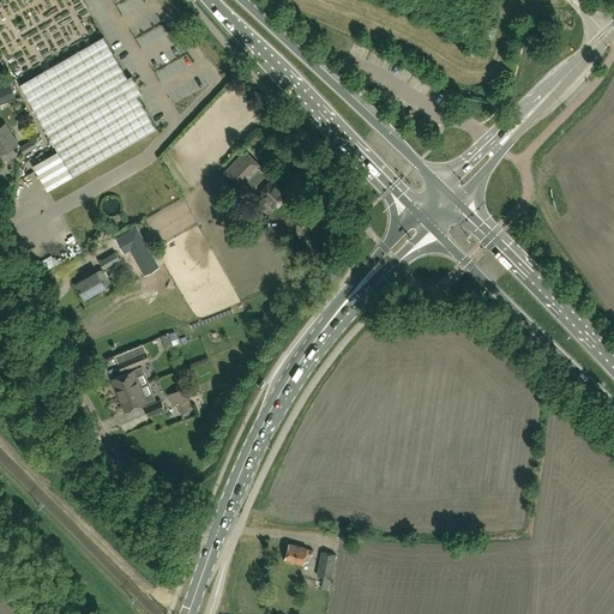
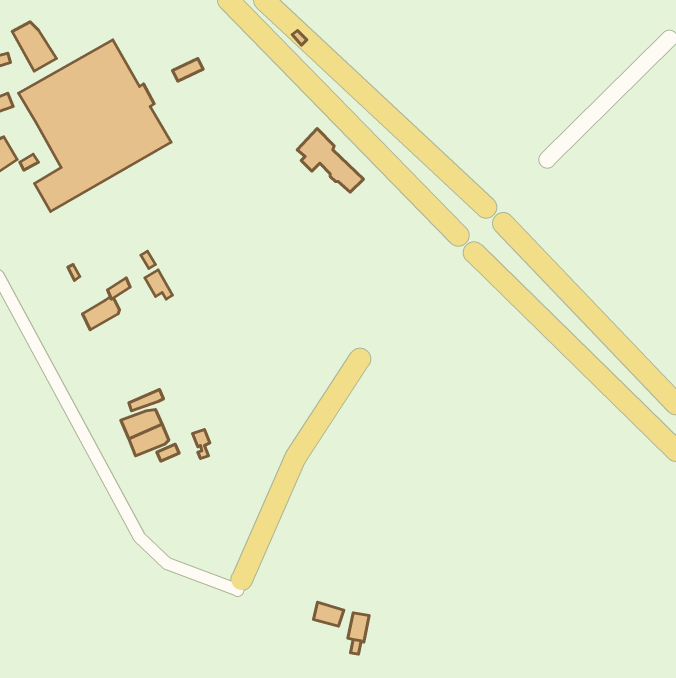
building: none -> [12,22,56,71]
building: [225,151,285,209] -> [297,128,363,192]

